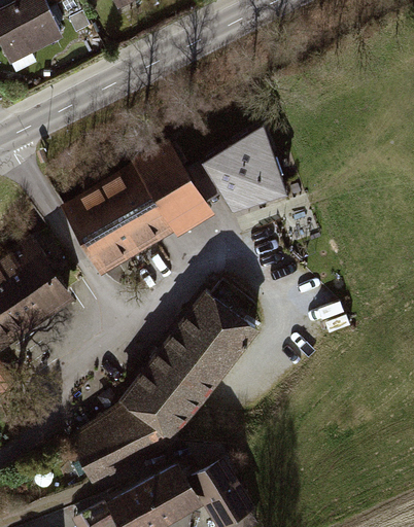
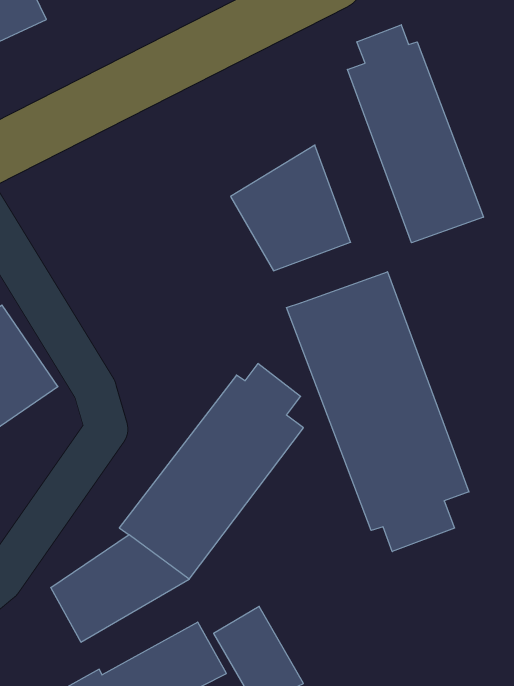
building: none -> [347,25,483,243]
building: [61,146,207,273] -> none
building: none -> [287,272,469,552]

